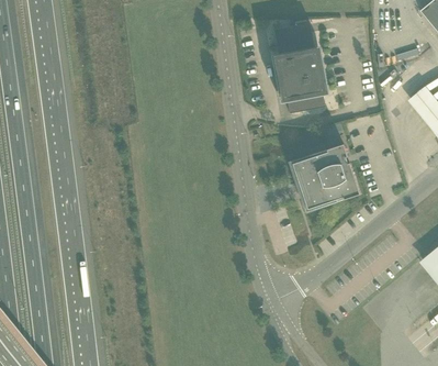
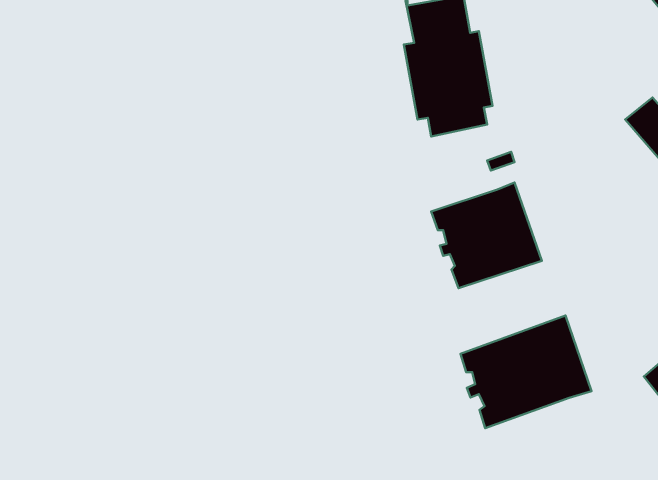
building: none -> [460,316,592,428]

